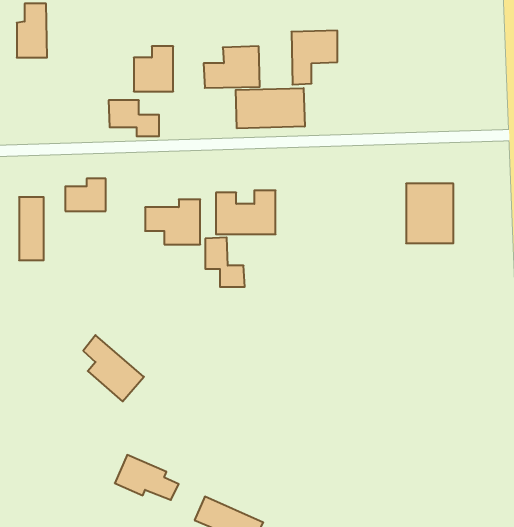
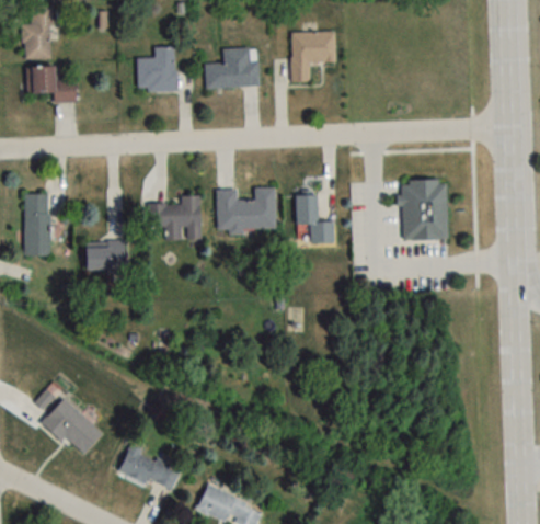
building: [236,88,305,128] -> none
building: [109,100,159,136] -> [26,66,76,101]
building: [65,179,106,211] -> [85,240,125,272]
building: [205,237,245,287] -> [296,194,334,242]
building: [83,335,144,401] -> [36,387,95,452]

